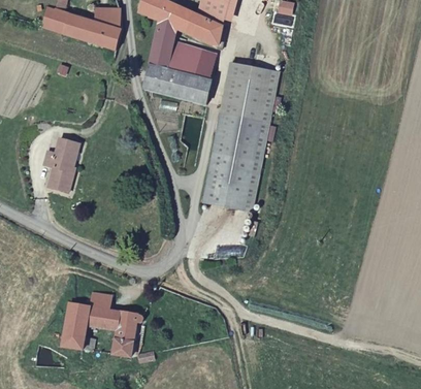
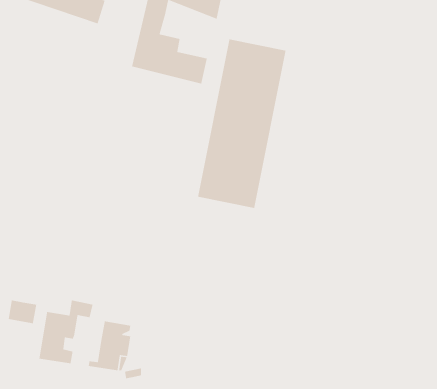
building: [169,42,215,78] -> none
building: [44,137,82,190] -> none
building: [94,305,120,327] -> [8,299,37,324]

